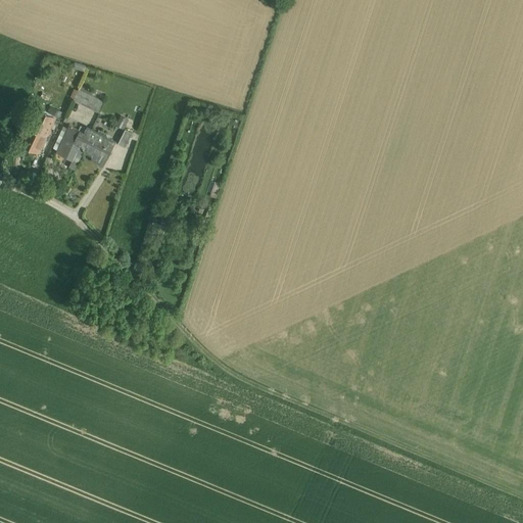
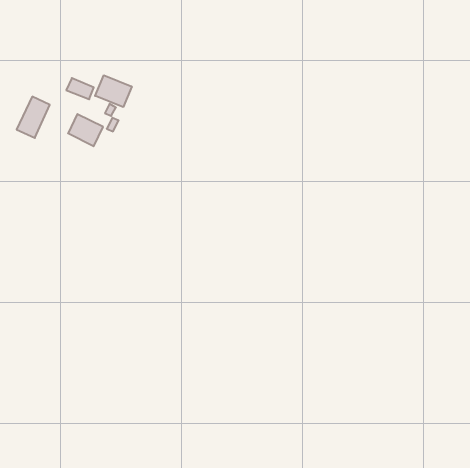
building: none -> [95,75,132,107]
building: [56,127,84,165] -> none

